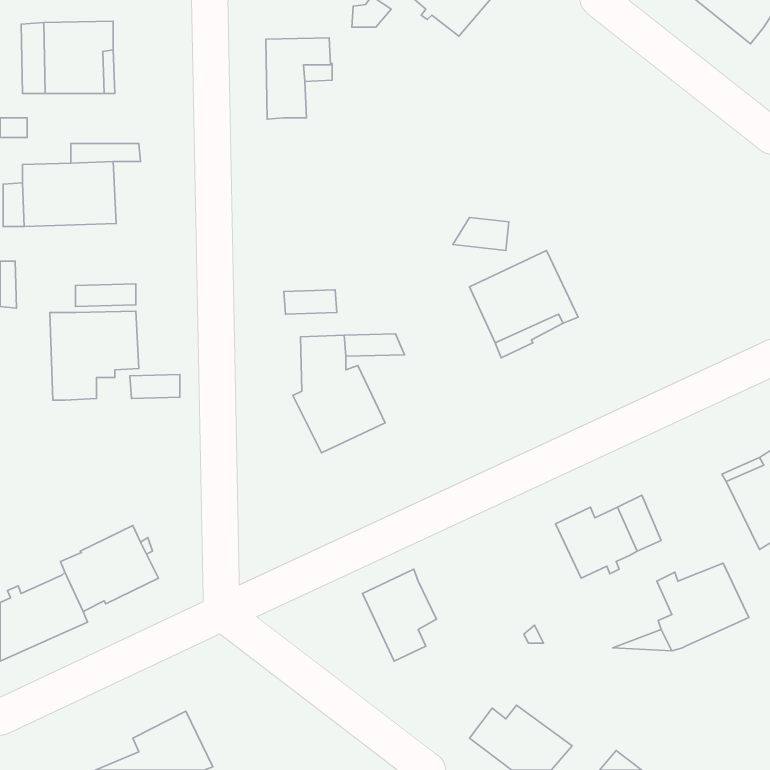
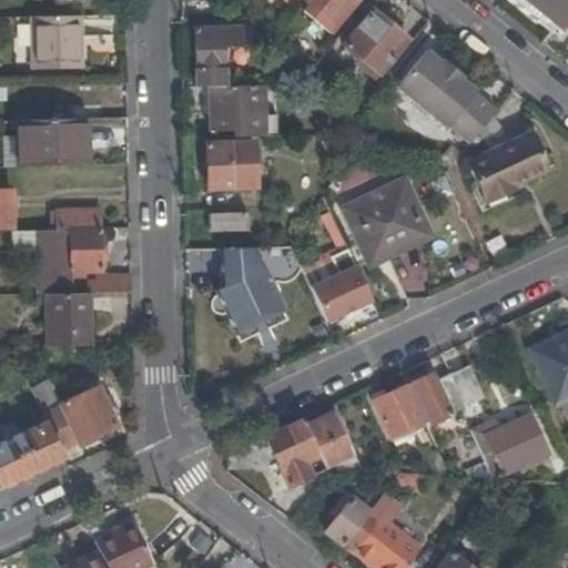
building: none -> [345,10,409,74]
building: none -> [397,50,497,143]
building: none -> [210,85,265,138]
building: none -> [468,133,547,201]
building: none -> [207,142,257,189]
building: none -> [312,266,374,322]
building: none -> [49,293,91,346]
building: none -> [375,385,435,443]
building: none -> [308,414,373,473]
building: none -> [327,494,371,545]

